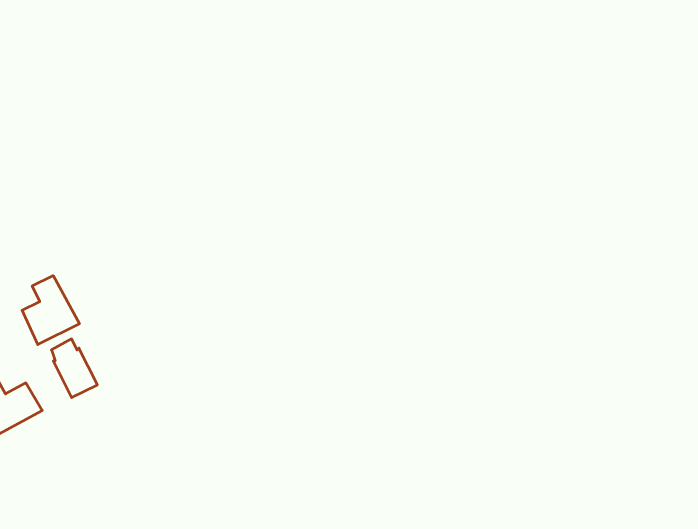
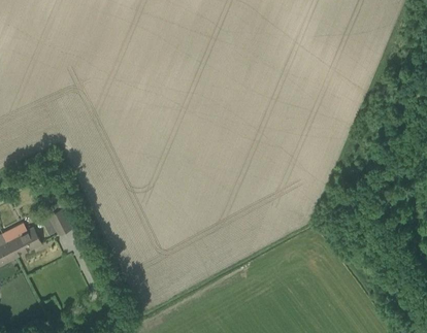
building: [22,276,79,345] -> none

